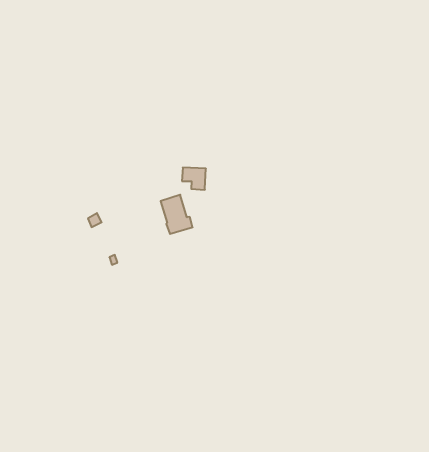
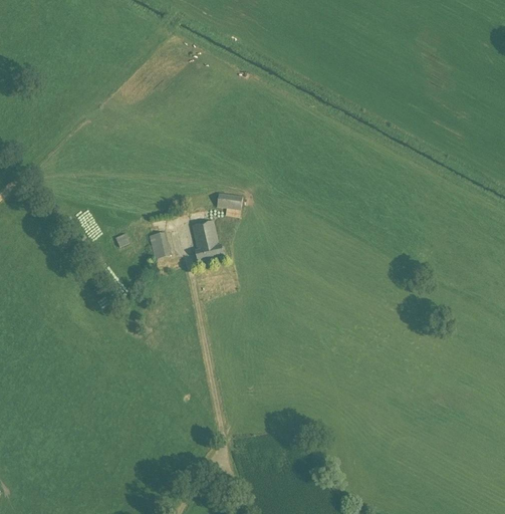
building: none -> [149,230,169,257]

